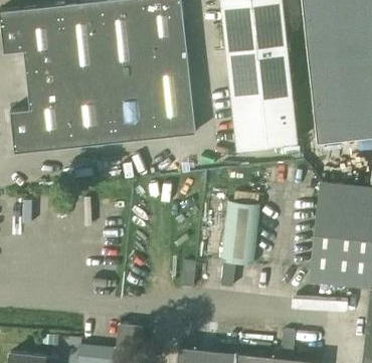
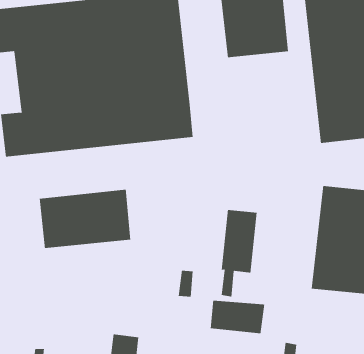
building: [228,53,298,151] -> none
building: none -> [39,189,131,249]
building: none -> [210,300,265,334]

